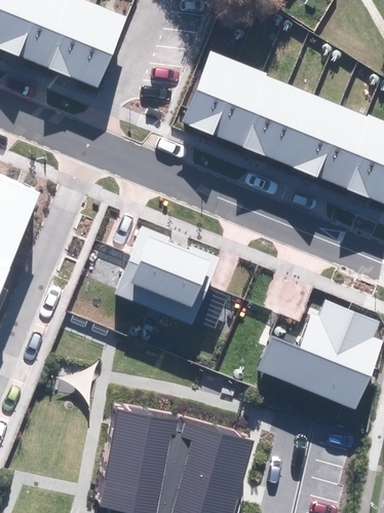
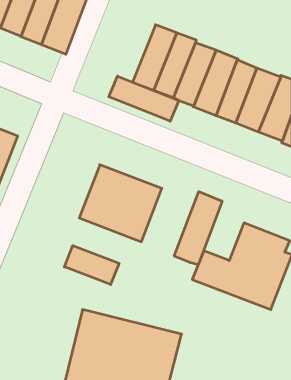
building: none -> [109,76,179,121]
building: none -> [174,192,222,265]
building: none -> [64,246,119,285]

